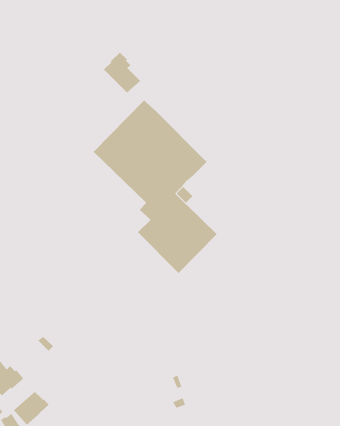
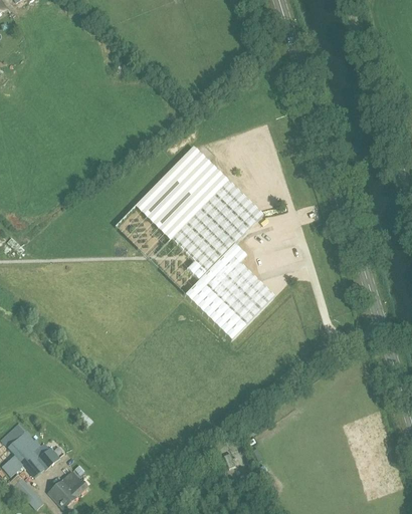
building: [103,52,141,93] -> none

